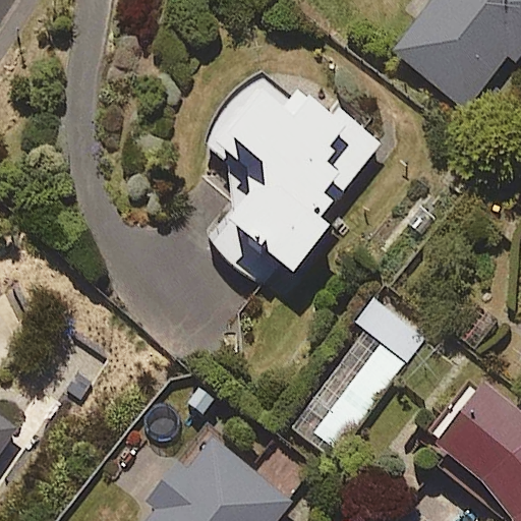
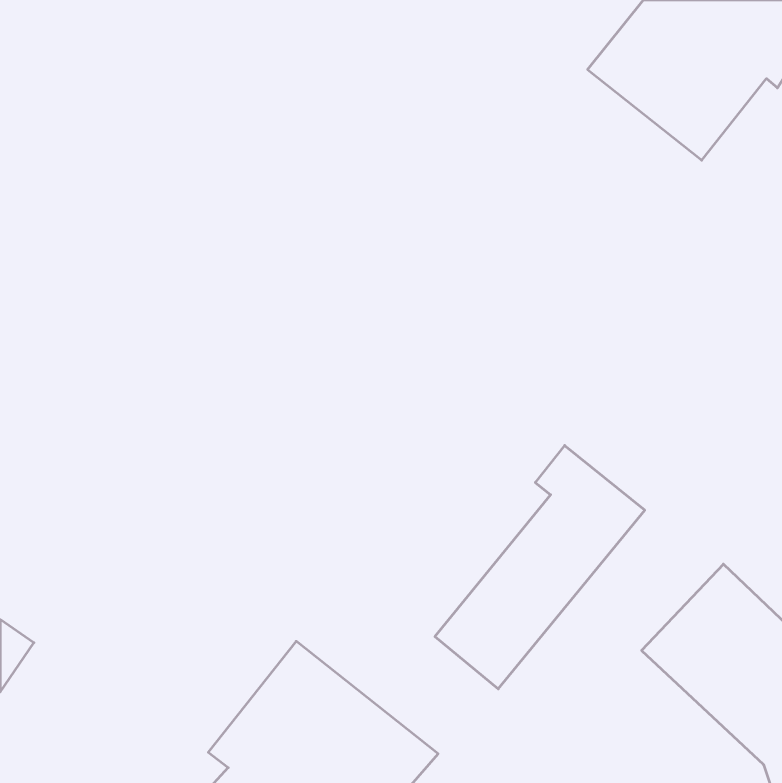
building: [205,70,378,289] -> none

